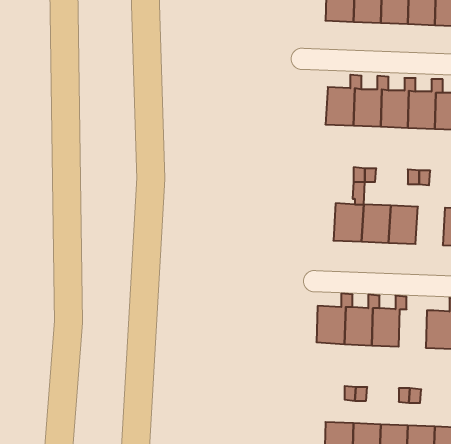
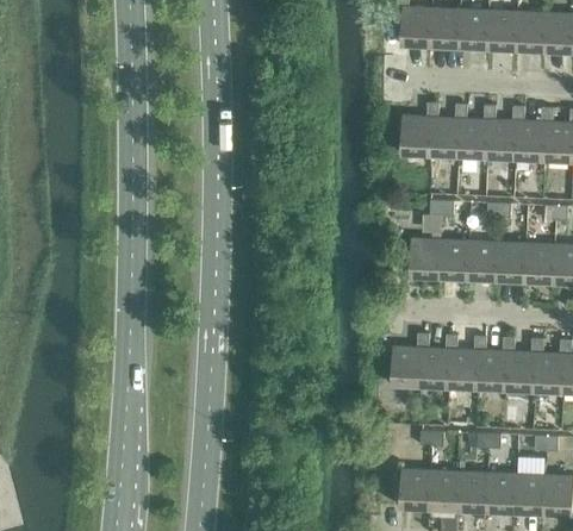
building: none -> [496,240,527,281]
building: none -> [478,336,515,389]

